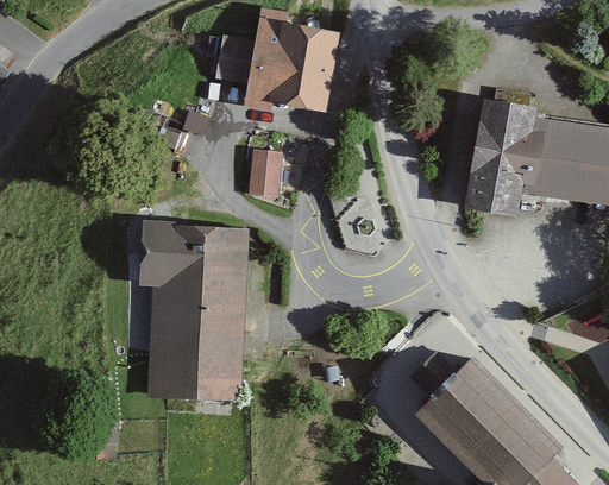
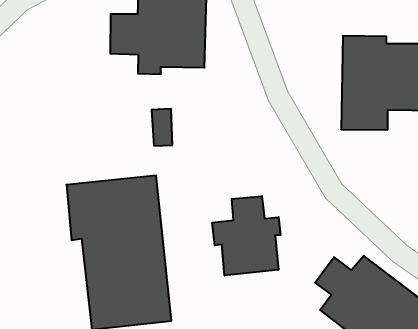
building: none -> [212,196,281,276]

